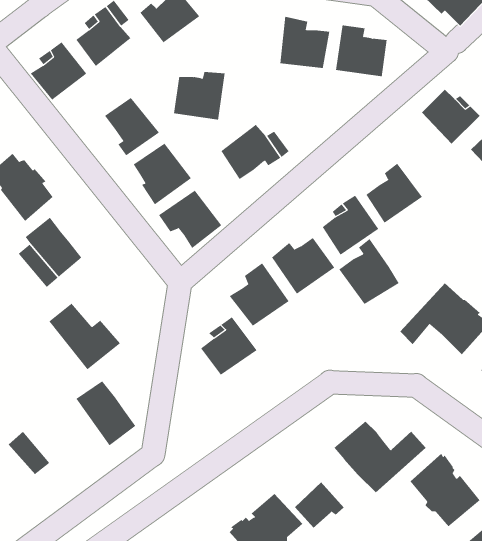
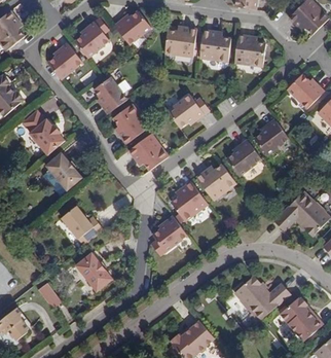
building: [173,71,226,120] -> [167,27,198,57]
building: [339,238,399,305] -> none
building: [294,482,345,529] -> none

